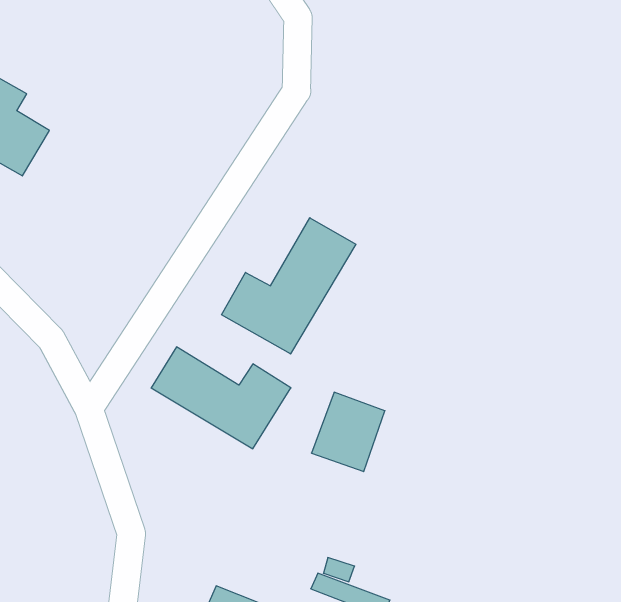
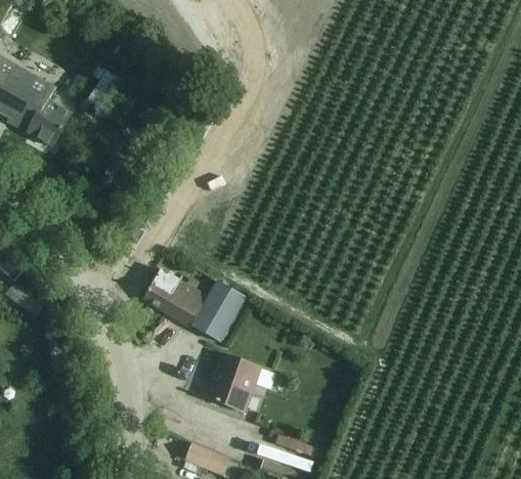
building: [222,218,356,354] -> none
building: [311,392,385,472] -> [207,353,260,410]

